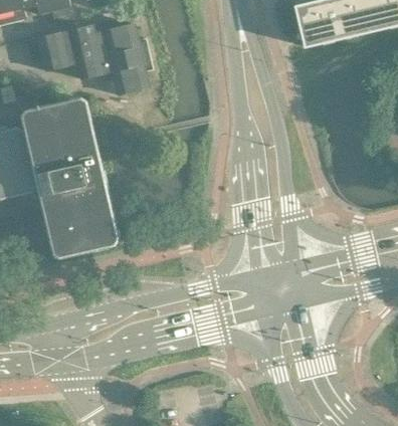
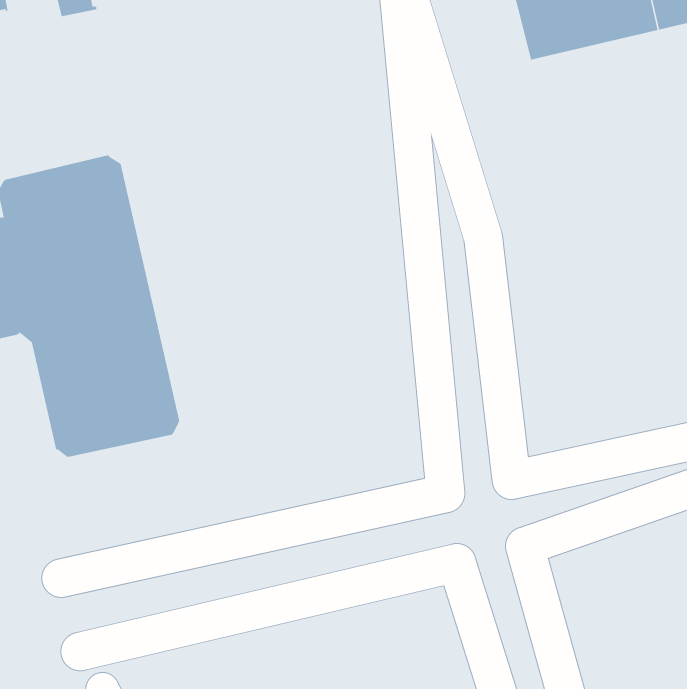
building: [37,21,153,94] -> none

